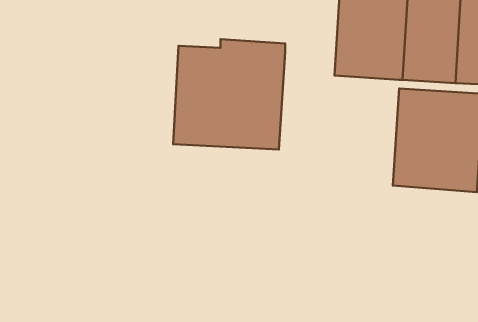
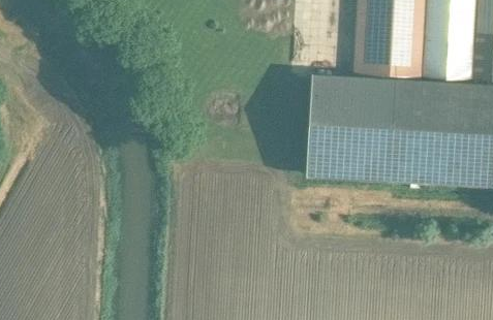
building: [173,39,285,149] -> [309,74,417,180]

